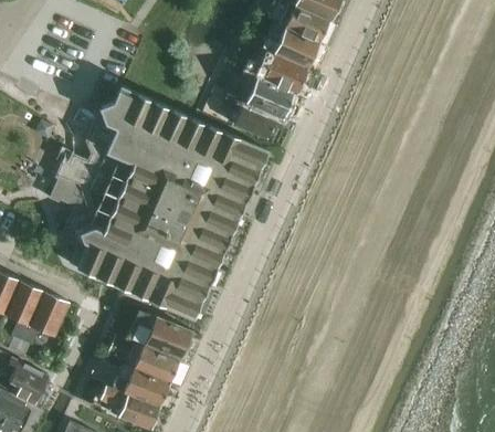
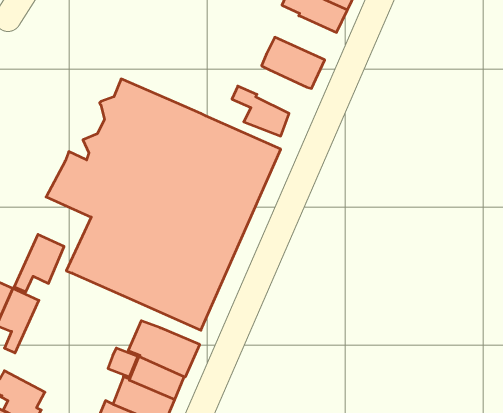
building: [262,28,319,69] -> none
building: [244,77,292,120] -> none
building: [21,292,67,345] -> [14,234,64,292]

